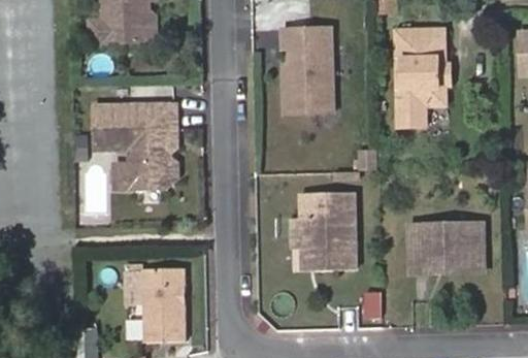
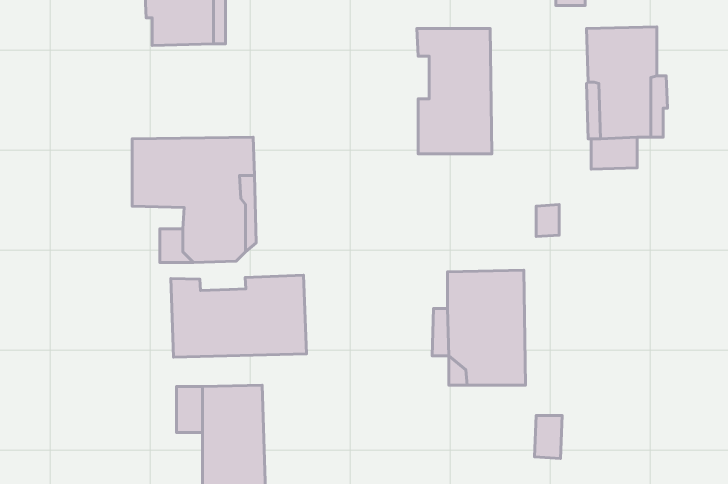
building: none -> [171,275,306,357]
building: [412,224,481,271] -> none

